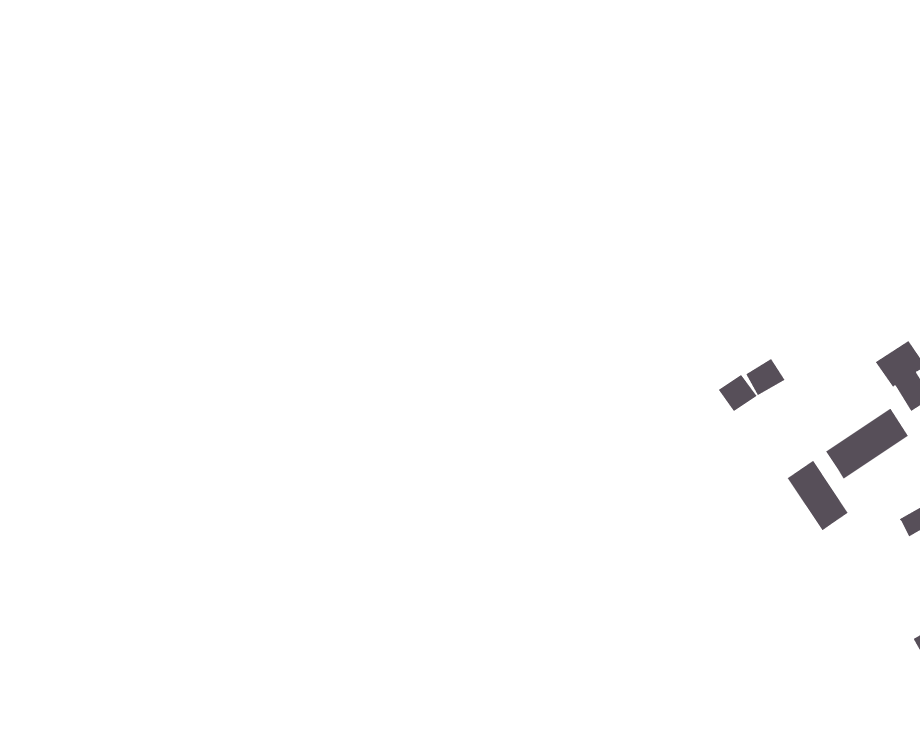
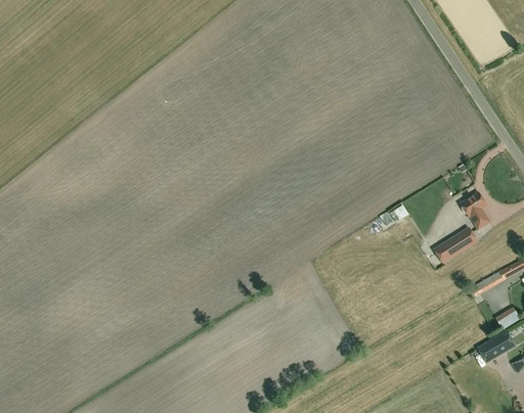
building: [787,460,849,531] -> none

